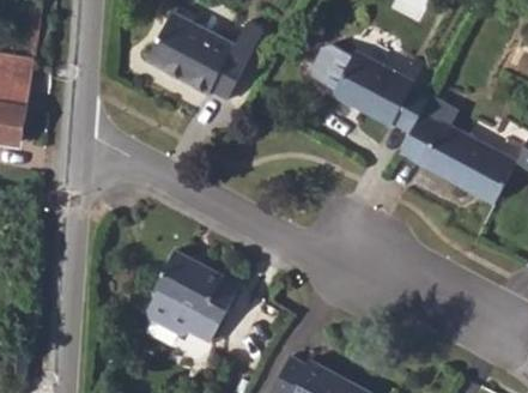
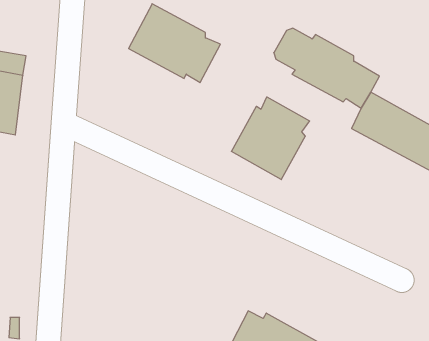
building: none -> [231,97,310,180]
building: [142,248,233,340] -> none

